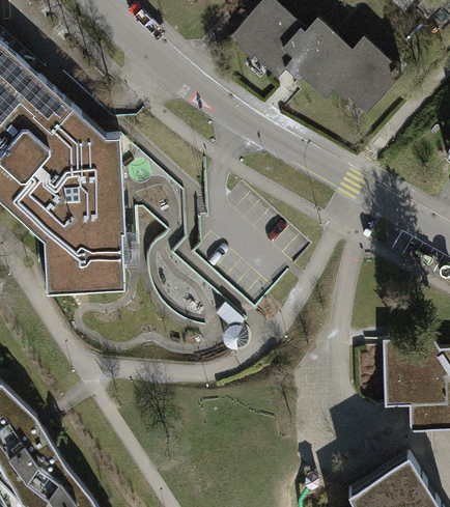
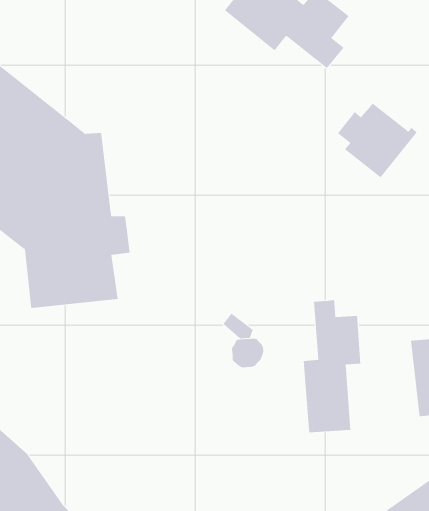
building: [331,43,402,110] -> [337,103,418,178]
building: none -> [303,299,361,433]

